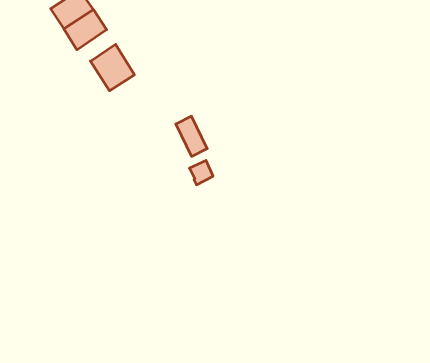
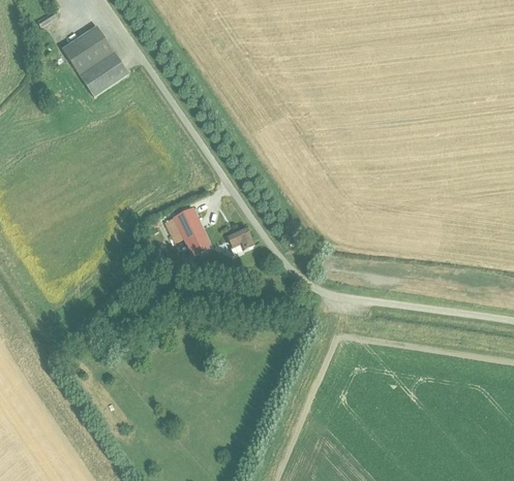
building: [90,44,134,91] -> none
building: [176,116,207,156] -> [173,209,210,256]

